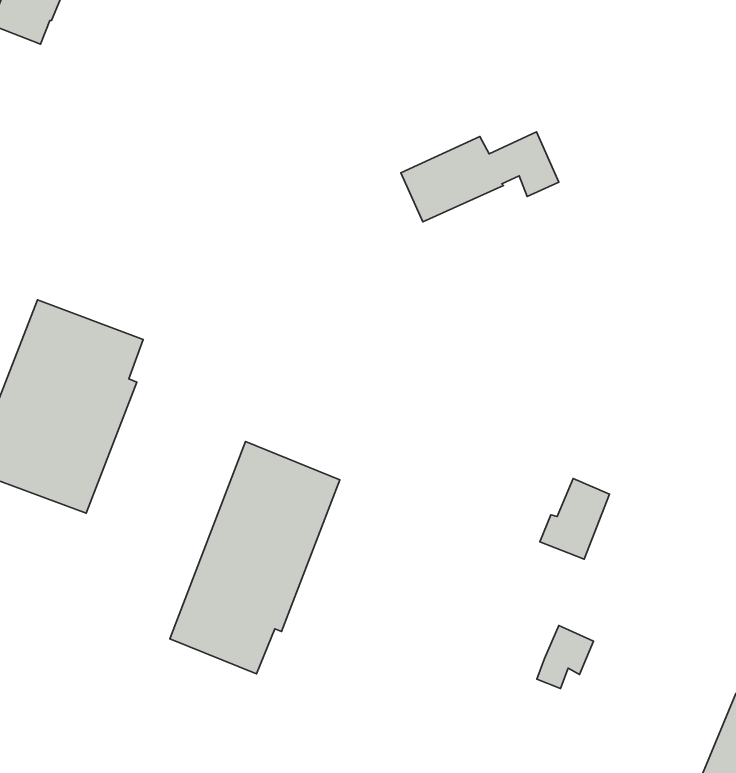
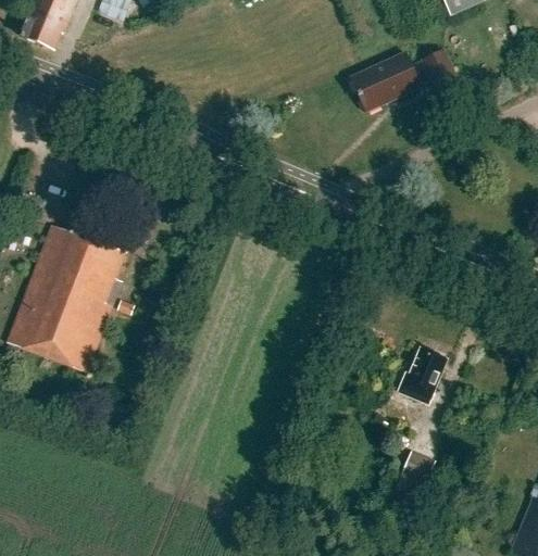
building: [401,132,559,222] -> [350,49,459,111]
building: [170,441,340,674] -> none

